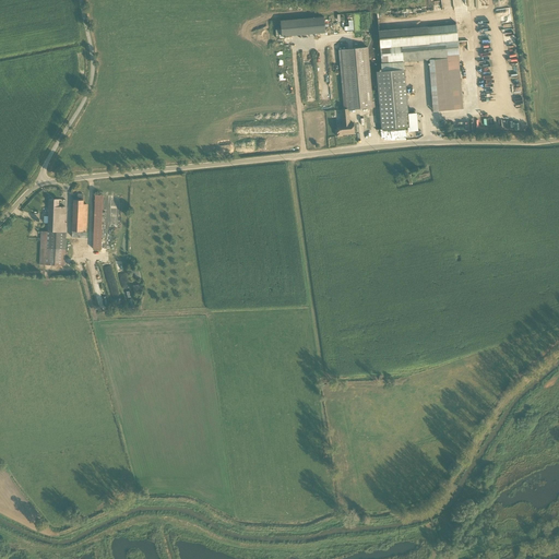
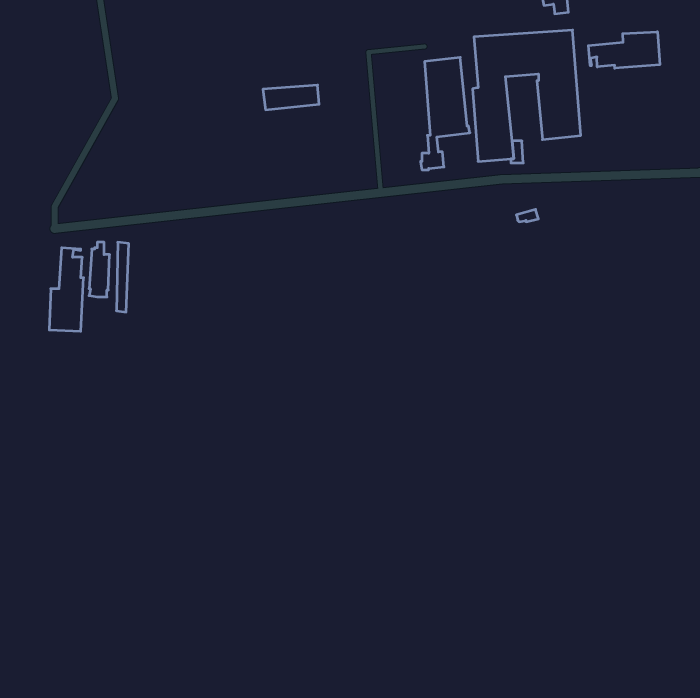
building: [280,16,324,36] -> [263,85,319,110]
building: none -> [588,32,660,68]

